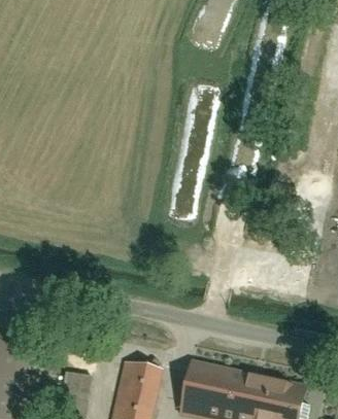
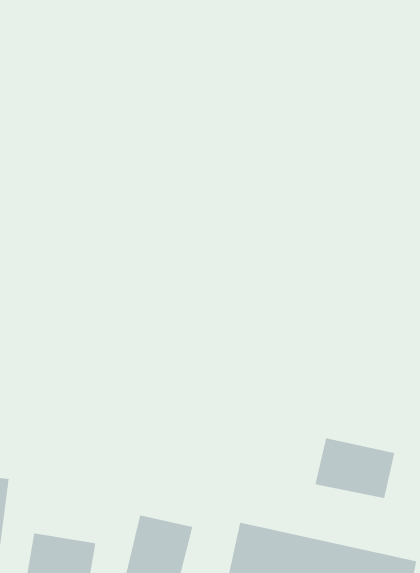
building: none -> [315,438,395,499]

